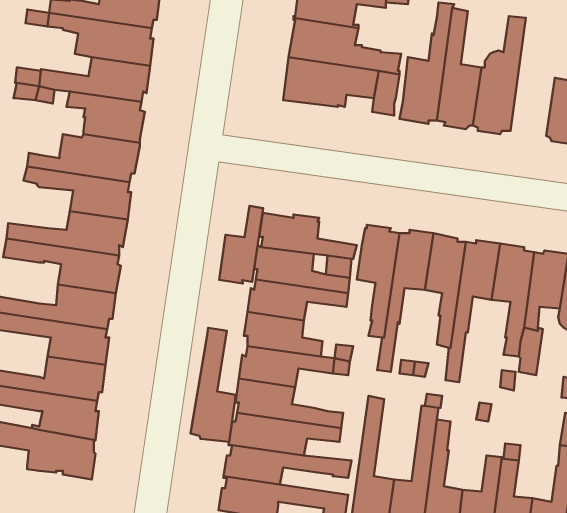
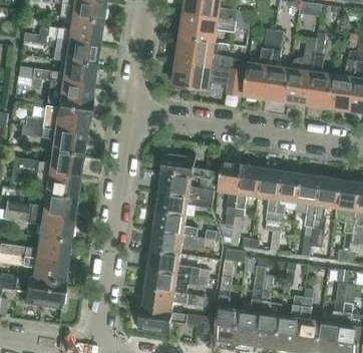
building: none -> [308,32,334,109]
building: [219,206,263,283] -> none
building: [191,328,236,442] -> none

